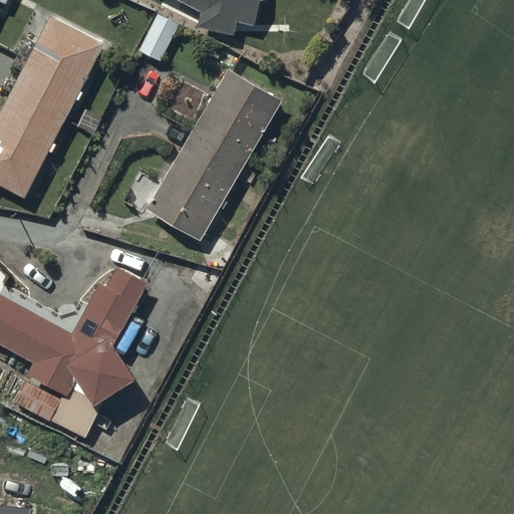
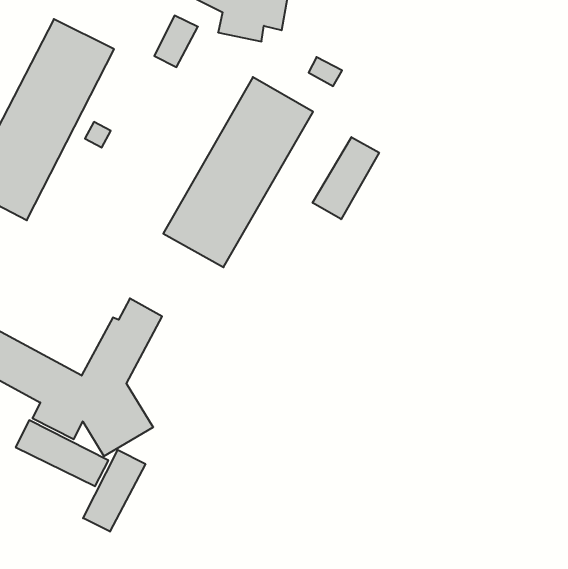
building: none -> [313,137,379,219]
building: none -> [83,450,145,532]

